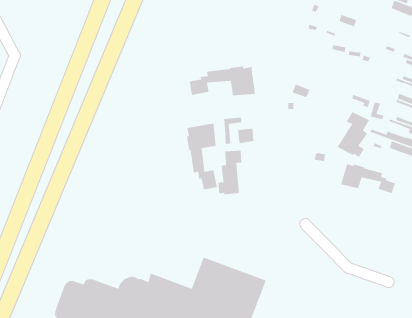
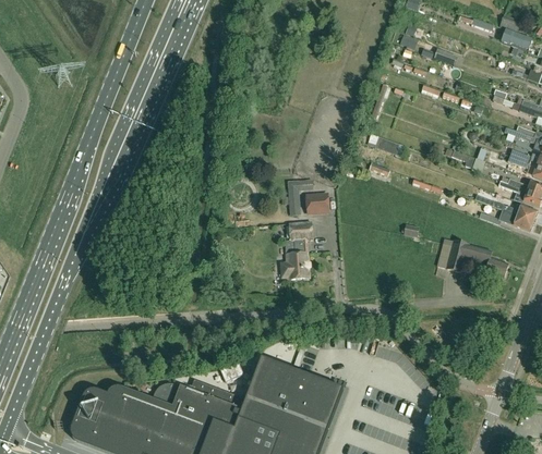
building: [188,65,256,96] -> none
building: [336,111,370,158] -> none
building: [186,123,218,191] -> none

